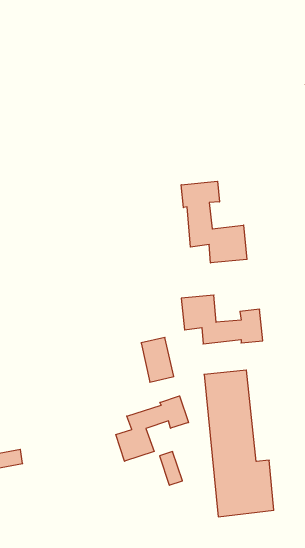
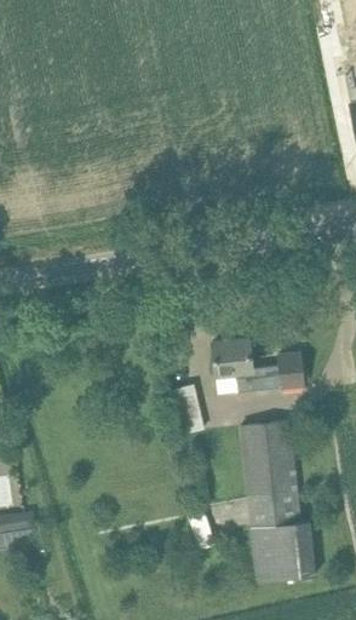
building: [181,181,247,263] -> none
building: [116,396,188,461] -> none

